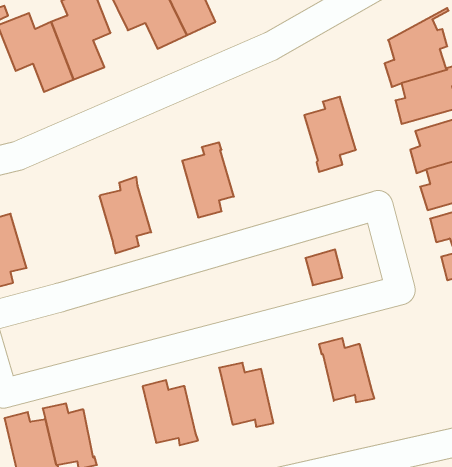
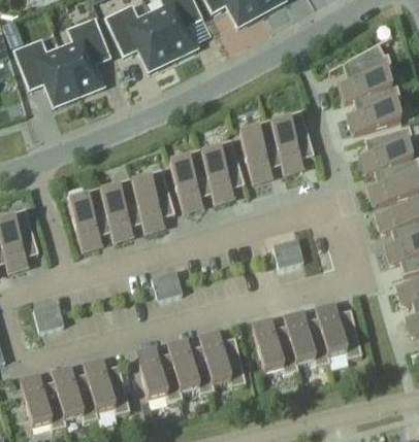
building: none -> [238,120,282,182]
building: none -> [200,139,244,202]
building: none -> [131,169,174,232]
building: none -> [67,186,110,249]
building: none -> [151,271,182,300]
building: none -> [33,302,63,332]
building: none -> [314,304,360,359]
building: none -> [251,320,297,374]
building: none -> [167,340,213,394]
building: none -> [84,360,129,414]

